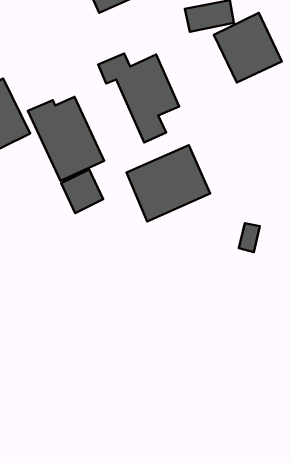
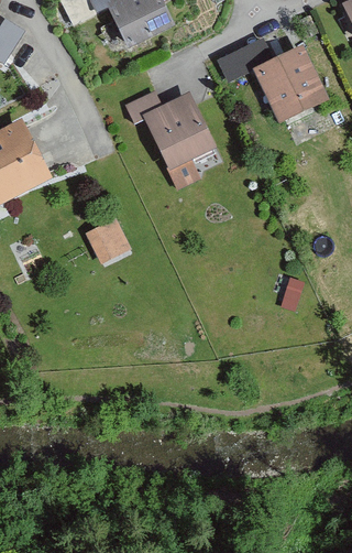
building: [28,97,104,181] -> none
building: [126,145,210,222] -> none

